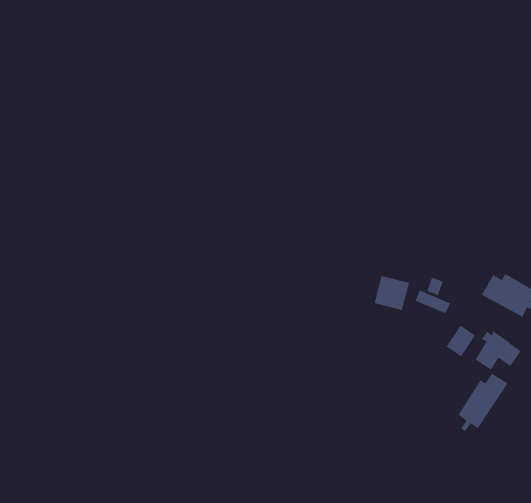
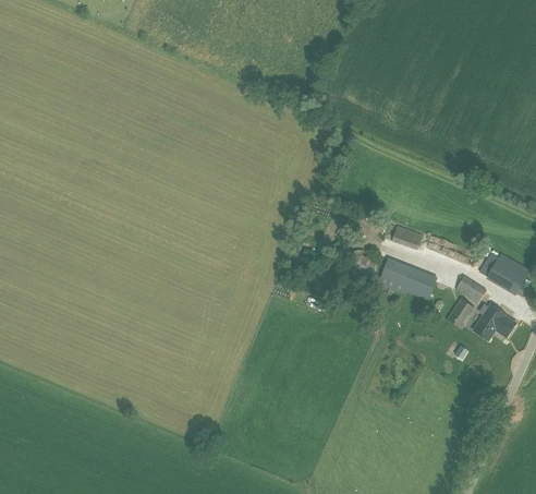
building: none -> [391,226,422,251]
building: none -> [454,276,486,304]
building: [458,373,509,432] -> none

